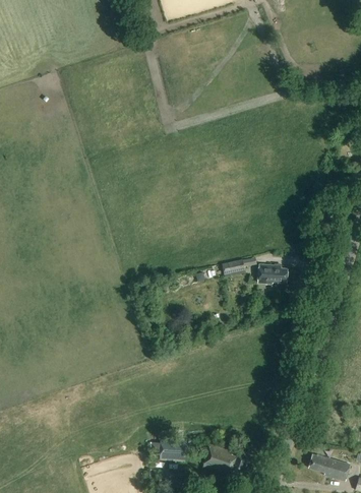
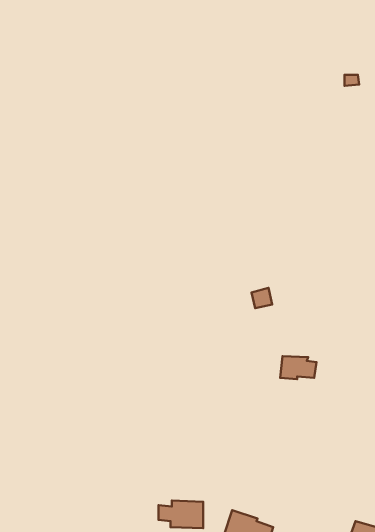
building: [257,264,288,284] -> [280,356,317,379]

